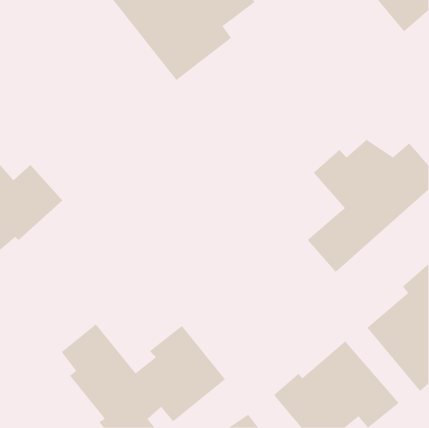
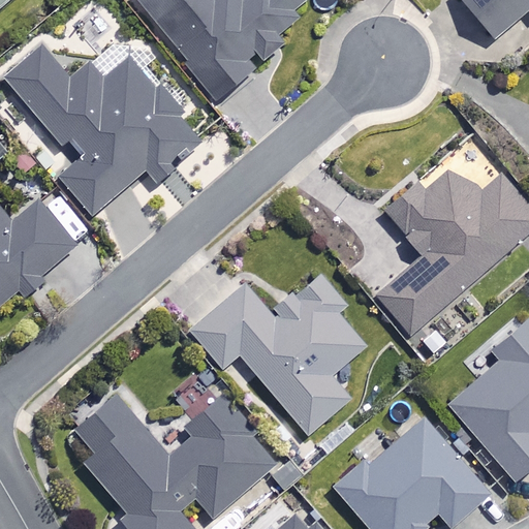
building: none -> [4,46,204,216]
building: none -> [192,283,364,433]

